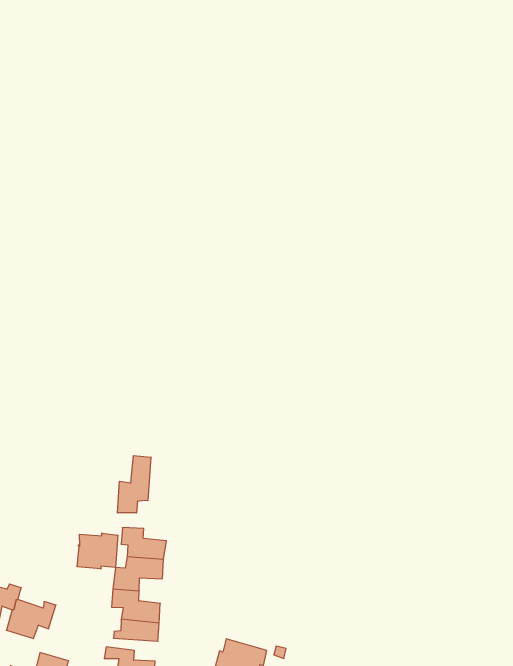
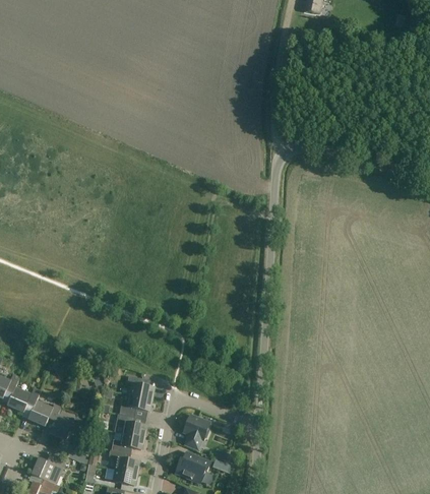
building: [117,456,151,513] -> none
building: [77,533,118,569] -> none
building: none -> [183,416,209,448]

